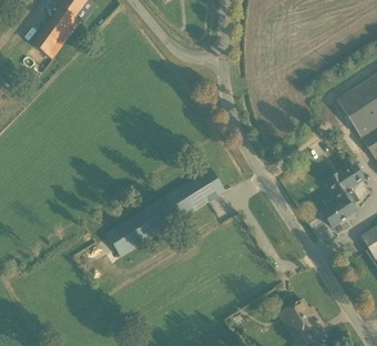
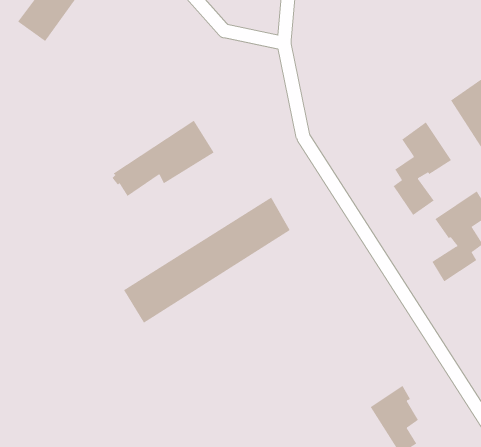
building: none -> [112,120,214,197]
building: none -> [393,122,452,216]

